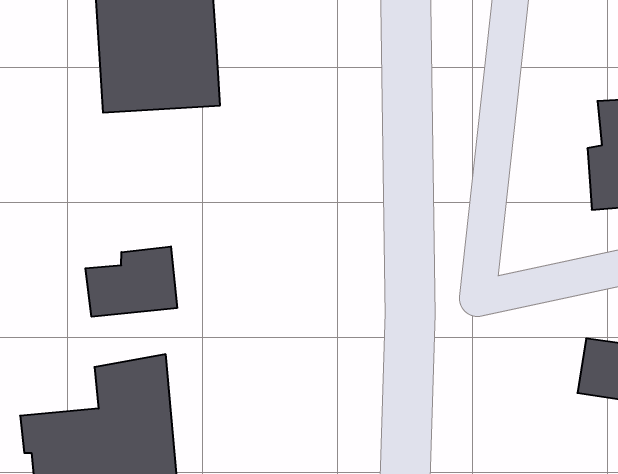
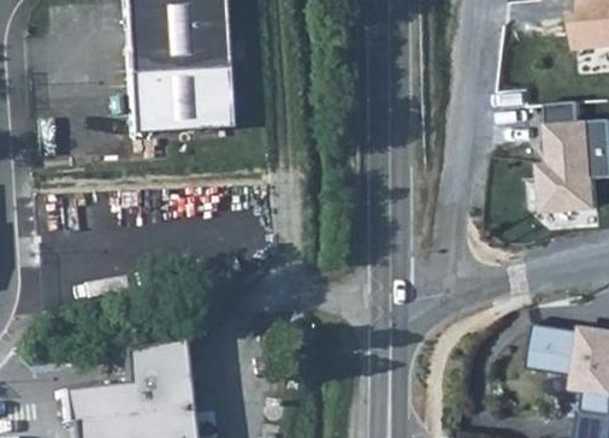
building: [85,246,177,317] -> none

